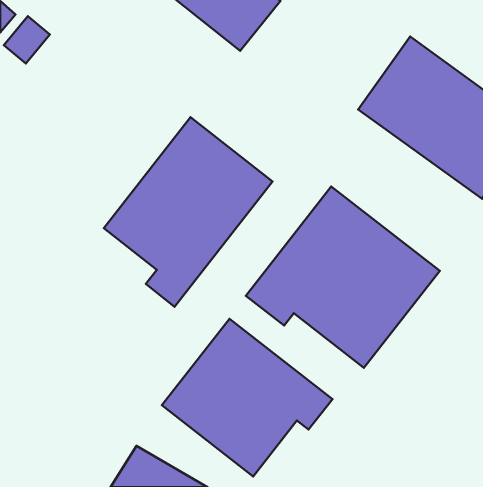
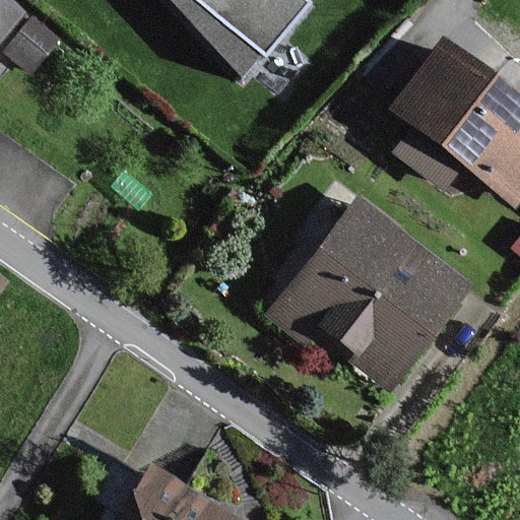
building: [104,117,272,307] -> none
building: [162,319,332,476] -> none

